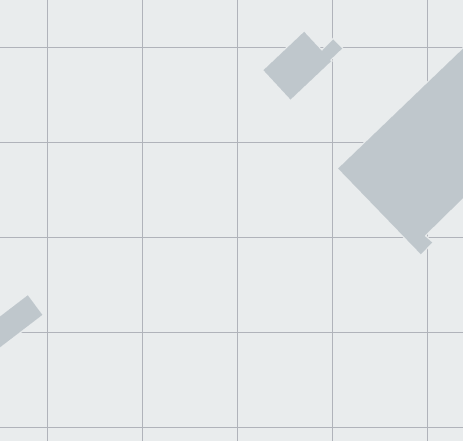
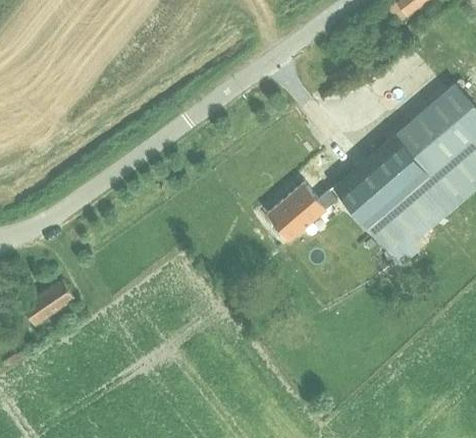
building: [262,31,343,101] -> [266,182,336,241]

